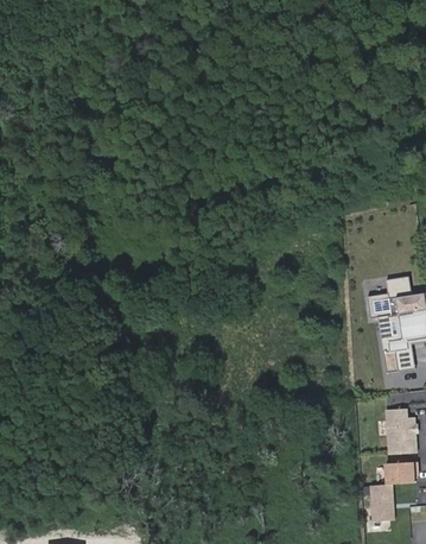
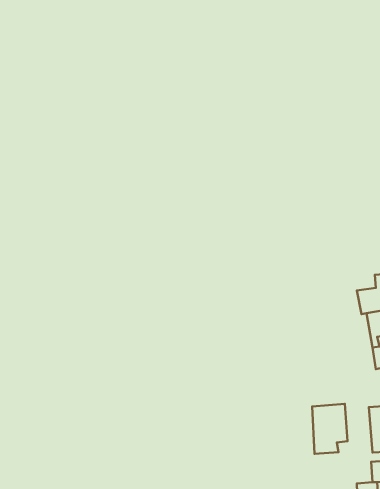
building: none -> [312,404,347,454]

